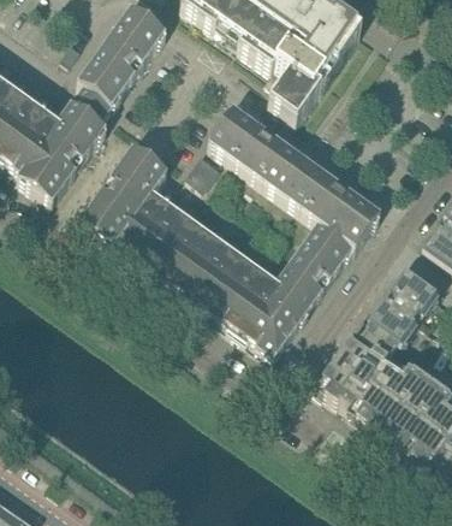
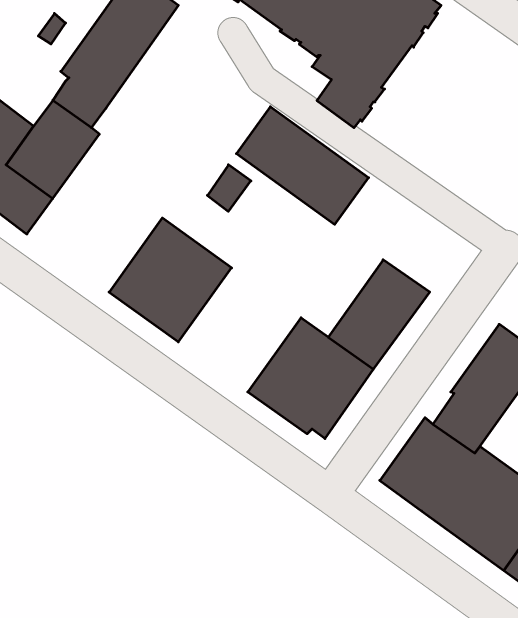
building: [81,142,170,242] -> none
building: [284,156,382,244] -> none
building: [167,224,258,317] -> none

